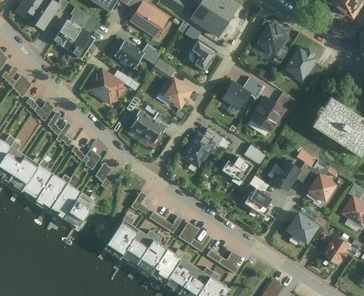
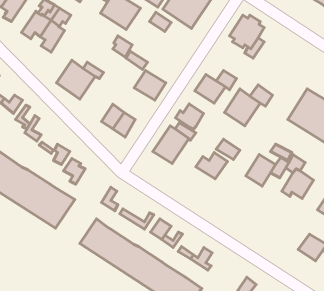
building: [187,37,216,72] -> none
building: [113,39,143,67] -> none
building: [288,44,323,79] -> none
building: none -> [175,104,204,129]
building: [244,188,271,214] -> none
building: [285,211,319,244] -> none

